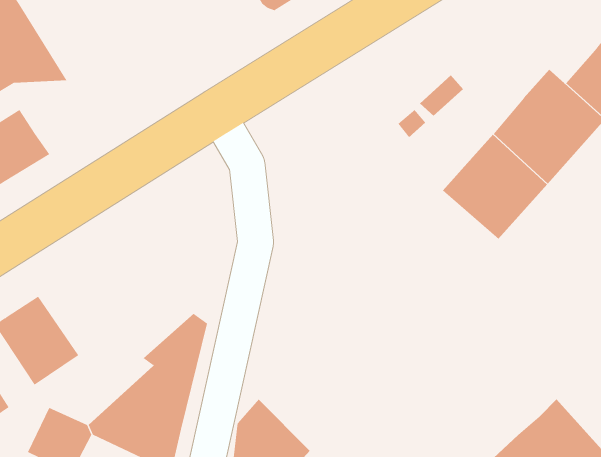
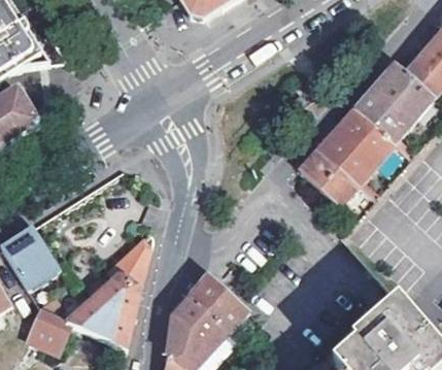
building: none -> [300,147,359,203]
building: none -> [188,272,246,333]

